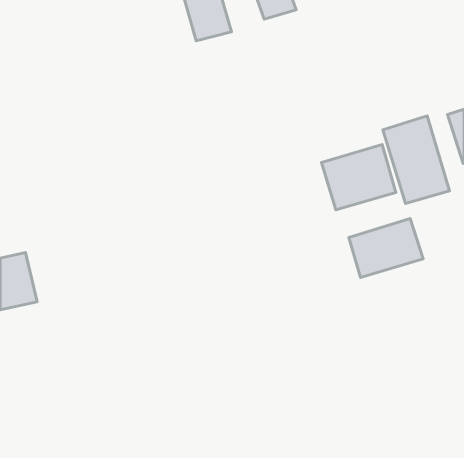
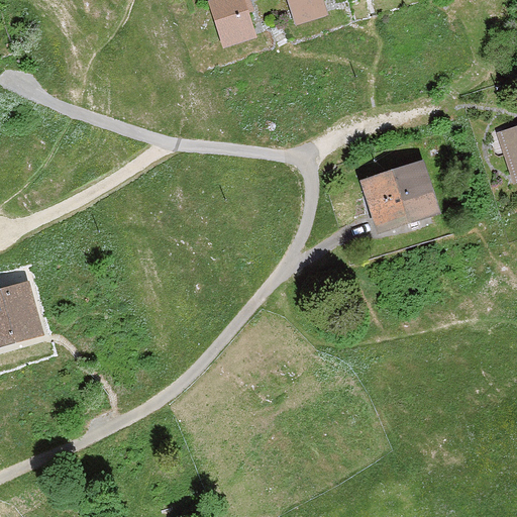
building: [383,116,450,204] -> none
building: [349,219,423,277] -> none

